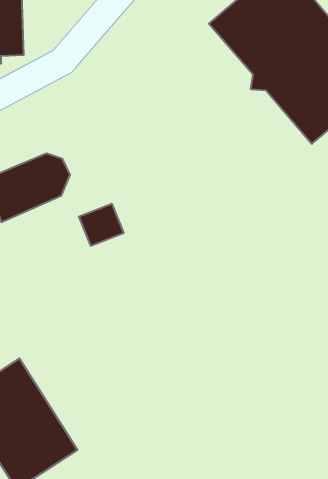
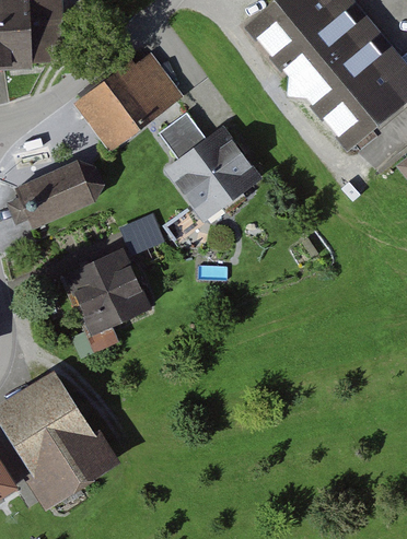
building: none -> [77,50,178,144]
building: none -> [155,115,259,222]
building: none -> [66,248,151,338]

